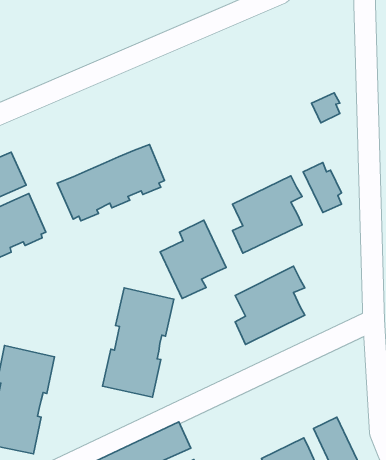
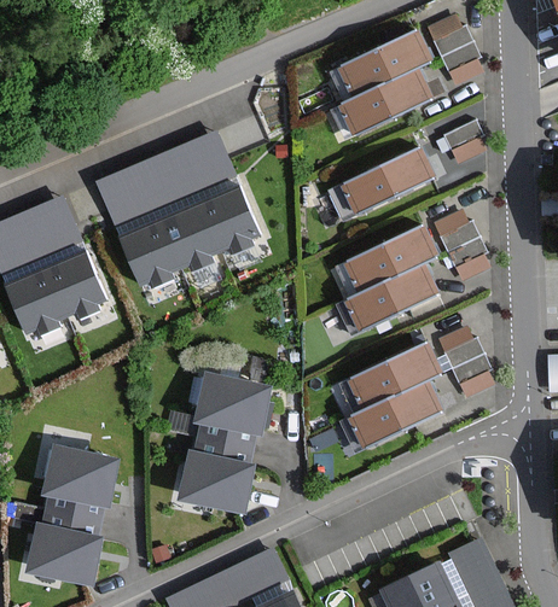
building: none -> [429,16,478,80]
building: none -> [339,33,429,132]
building: none -> [98,133,231,222]
building: none -> [342,148,430,210]
building: [160,220,226,299] -> none
building: none -> [440,327,490,392]

